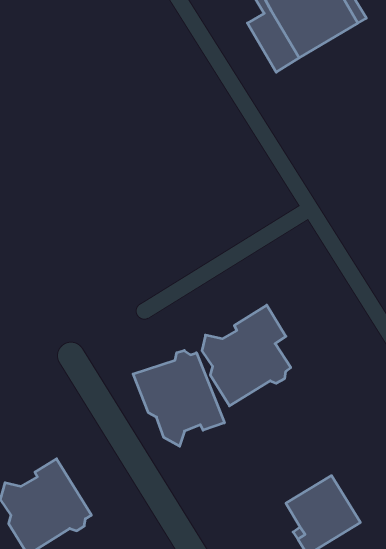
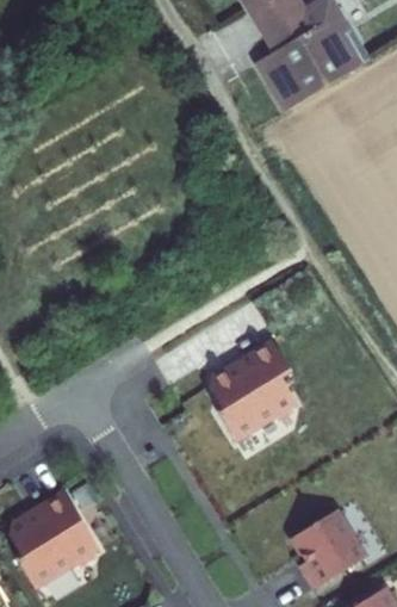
building: [133,350,224,446] -> none

